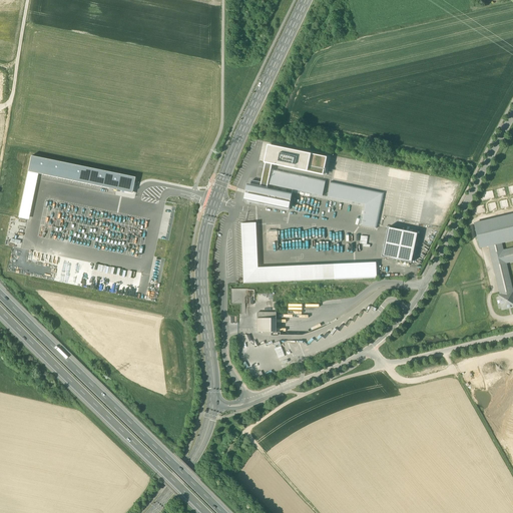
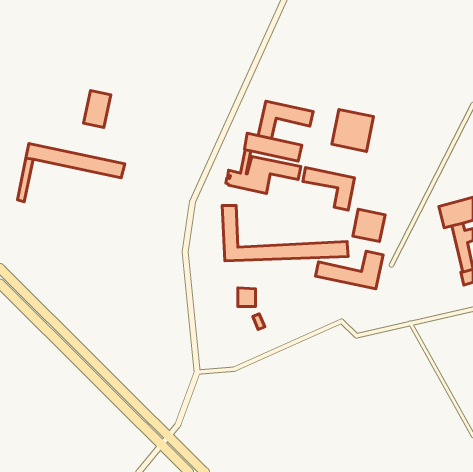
building: none -> [84,90,111,127]
building: none -> [258,101,313,139]
building: none -> [332,109,374,151]
building: none -> [315,251,383,289]

